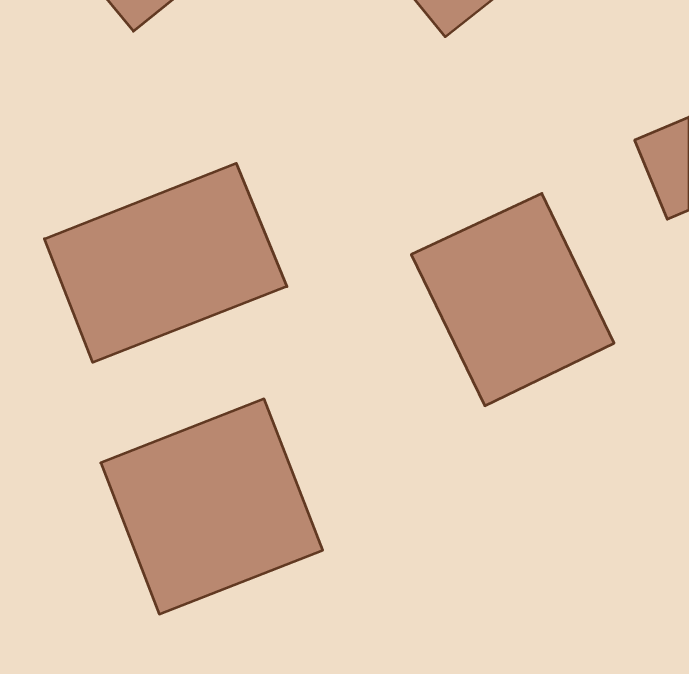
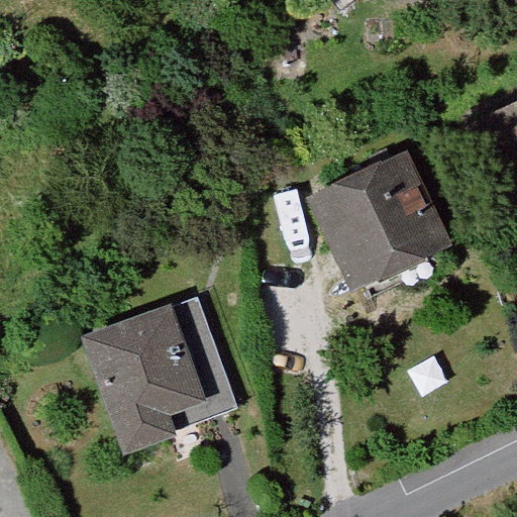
building: [44,163,287,362] -> none

